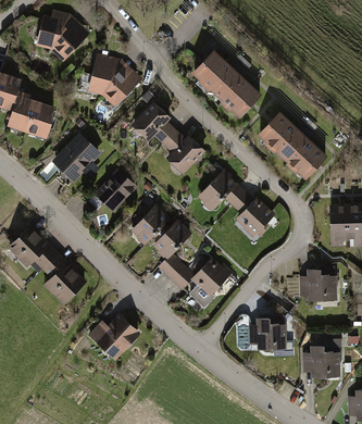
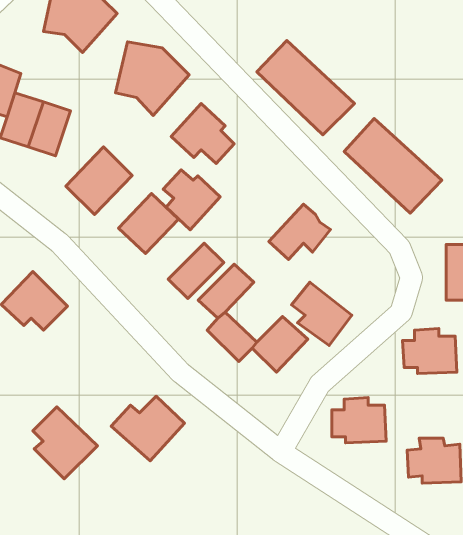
building: [163,132,204,175] -> [163,170,220,230]
building: [233,194,276,239] -> [292,282,352,345]
building: [38,249,85,301] -> [33,407,97,479]

